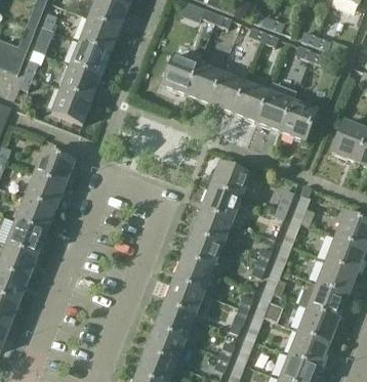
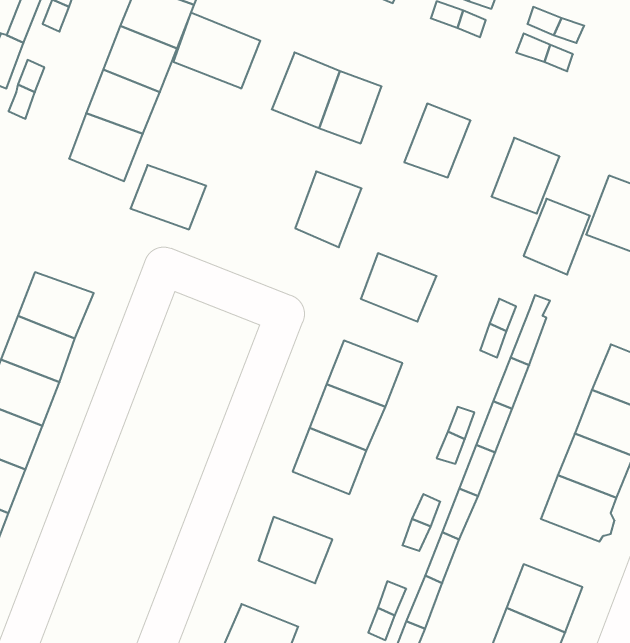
building: none -> [174,13,260,89]
building: [209,73,245,114] -> [295,171,362,247]
building: [256,91,292,132] -> [524,199,590,275]
building: [33,150,74,184] -> [130,165,206,229]
building: [200,187,240,222] -> none
building: [162,281,203,317] -> none
building: [297,306,338,343] -> none
building: [145,329,185,365] -> none

